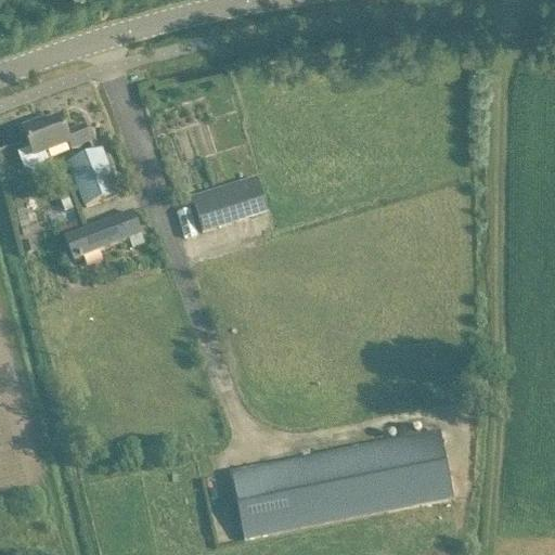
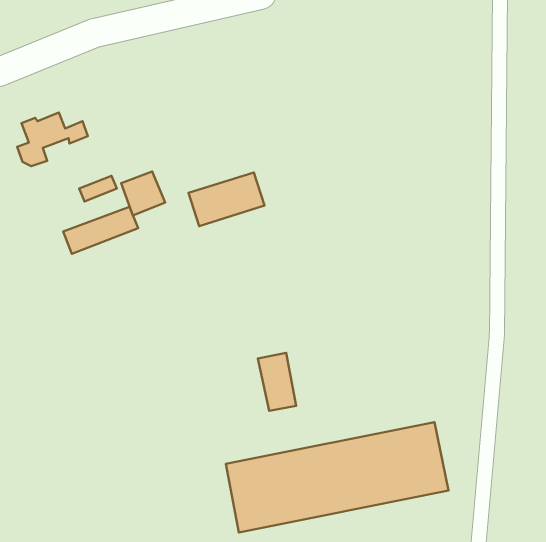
building: [68,146,113,191] -> [121,171,165,215]
building: none -> [258,353,296,411]

